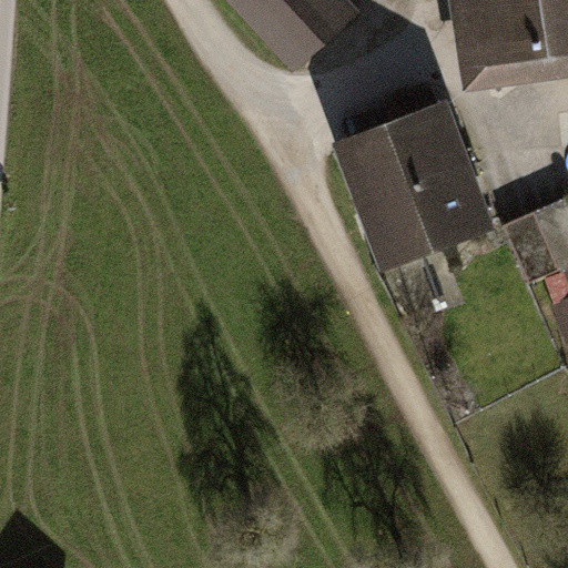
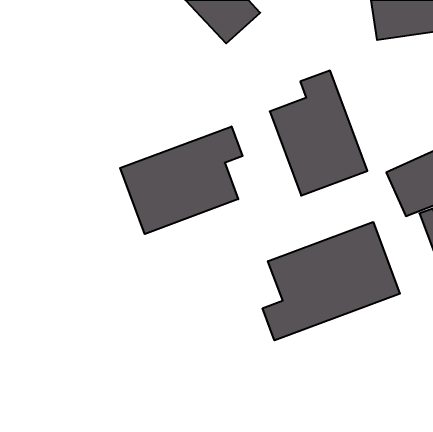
building: none -> [120,126,243,234]
building: none -> [263,222,400,340]

